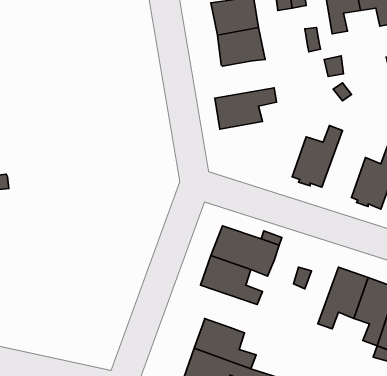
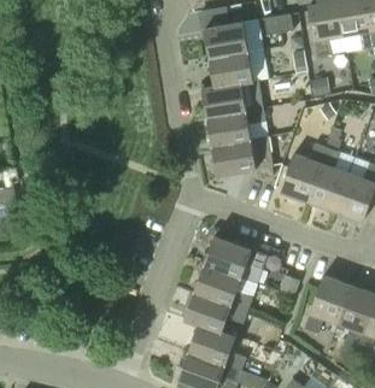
building: none -> [203,82,263,117]
building: none -> [307,127,355,210]
building: none -> [212,136,273,177]
building: none -> [184,292,247,331]

